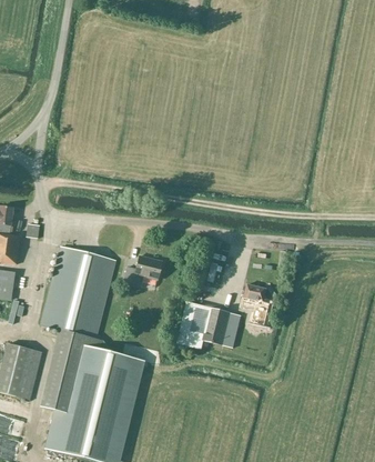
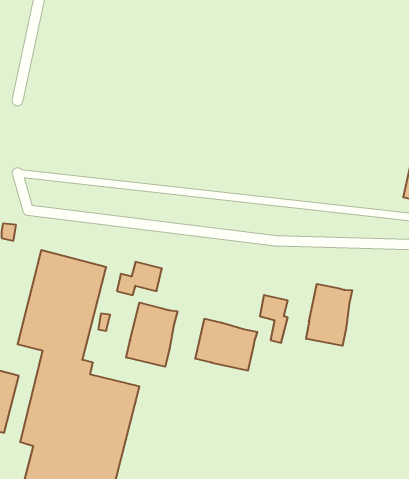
building: none -> [306,284,352,346]
building: none -> [126,303,177,367]

